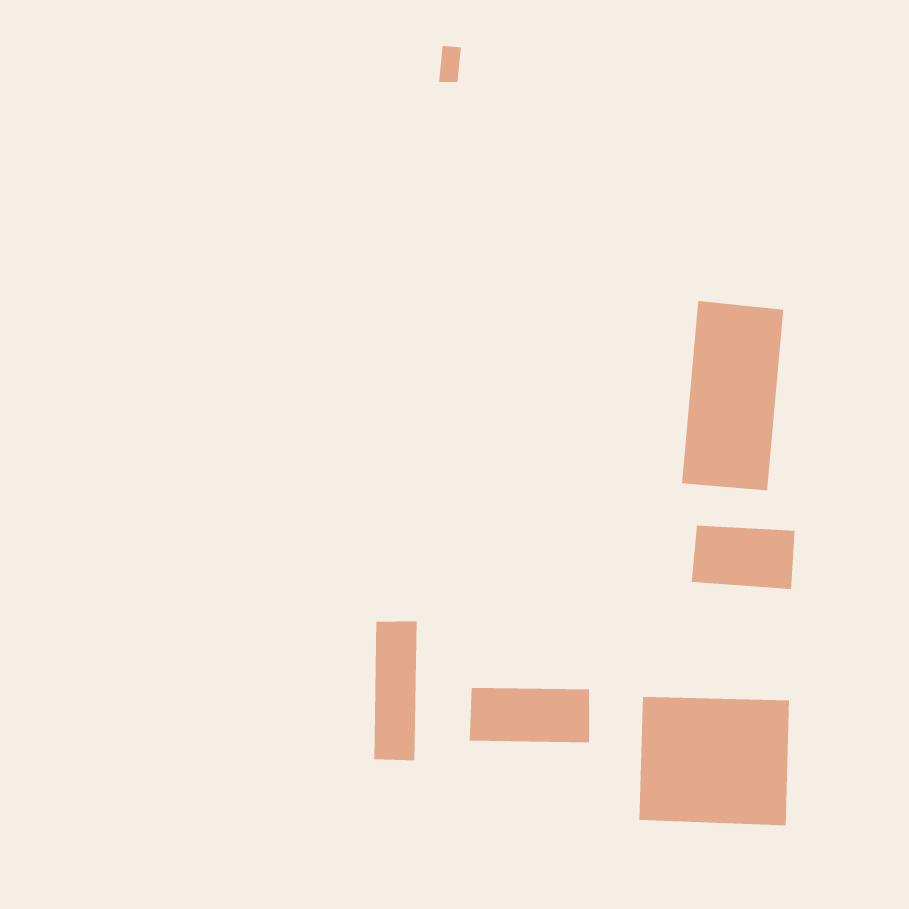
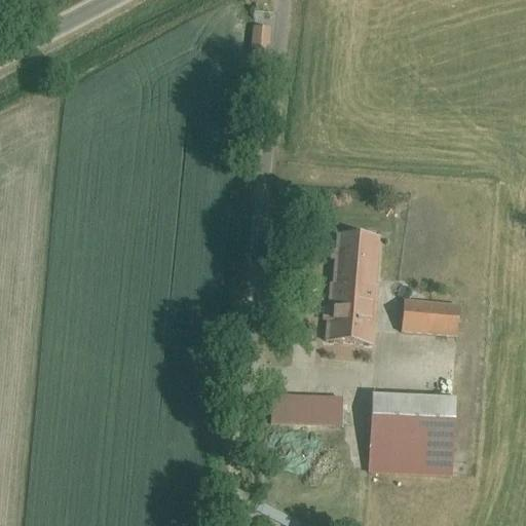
building: [681,300,784,491] -> [324,235,382,344]
building: [374,621,417,761] -> none

